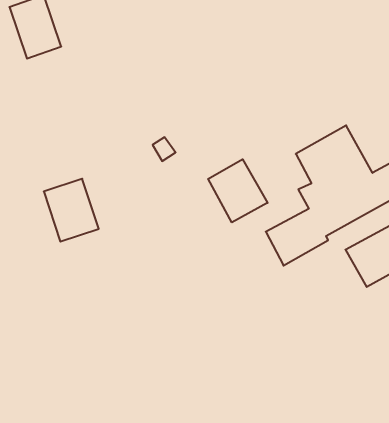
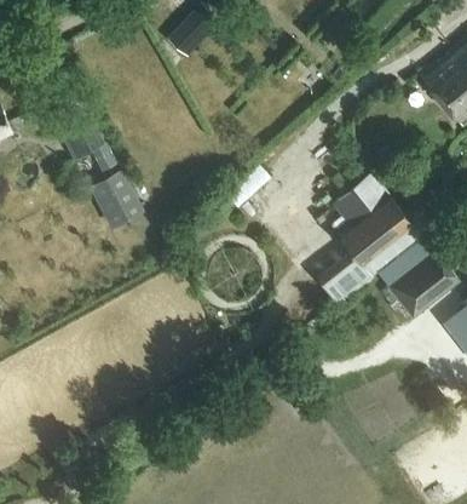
building: [208,159,268,222] -> none
building: [44,179,99,242] -> [87,170,142,229]

